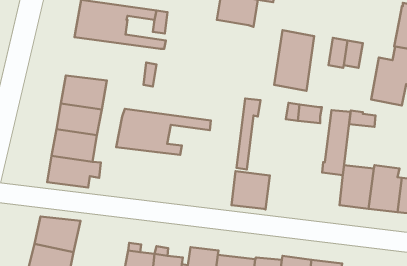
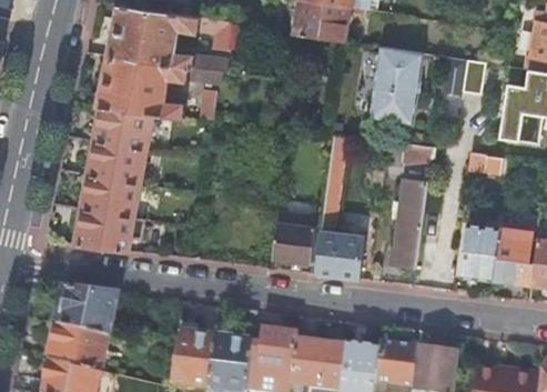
building: [116,109,211,155] -> [99,54,222,114]
building: [322,110,350,175] -> [391,180,427,264]
building: none -> [272,211,315,263]

